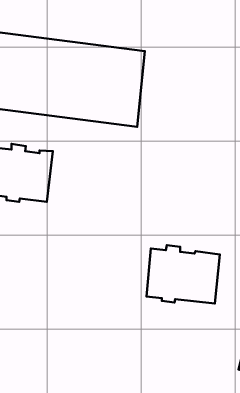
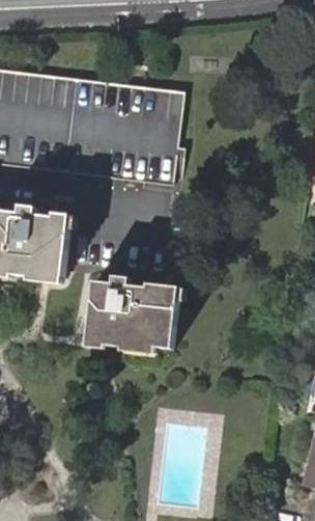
building: [147,245,220,303] -> [90,277,180,349]

